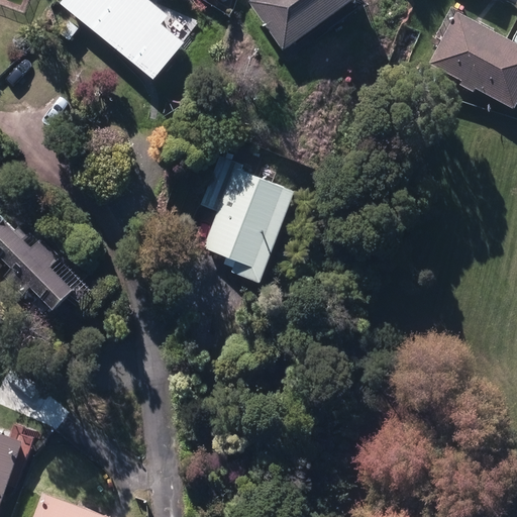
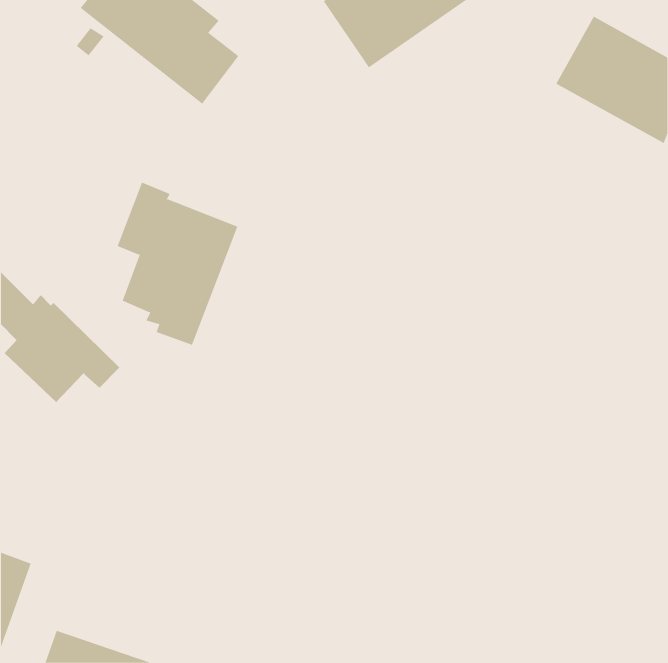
building: [202,151,296,278] -> [117,182,238,345]

